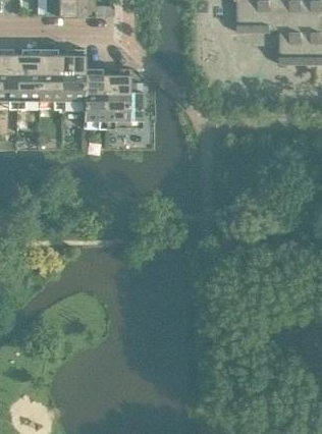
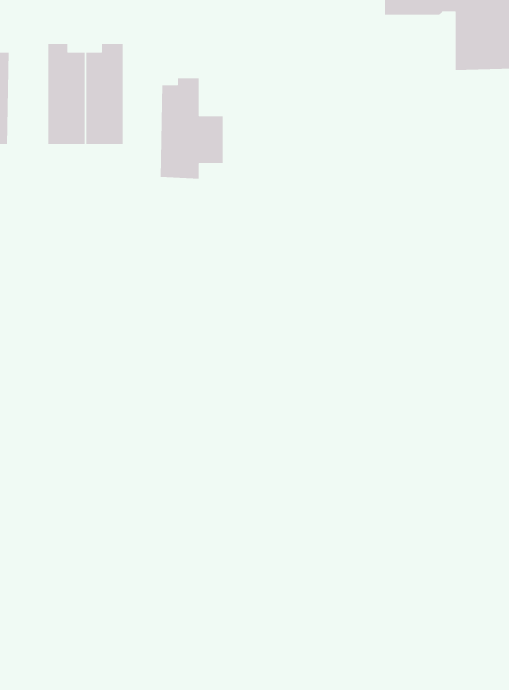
building: [15,49,39,109] -> none
building: [83,69,106,128] -> none

